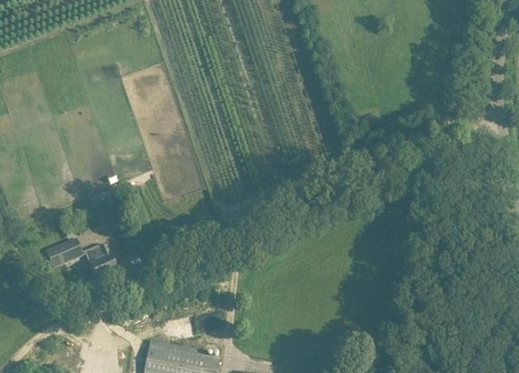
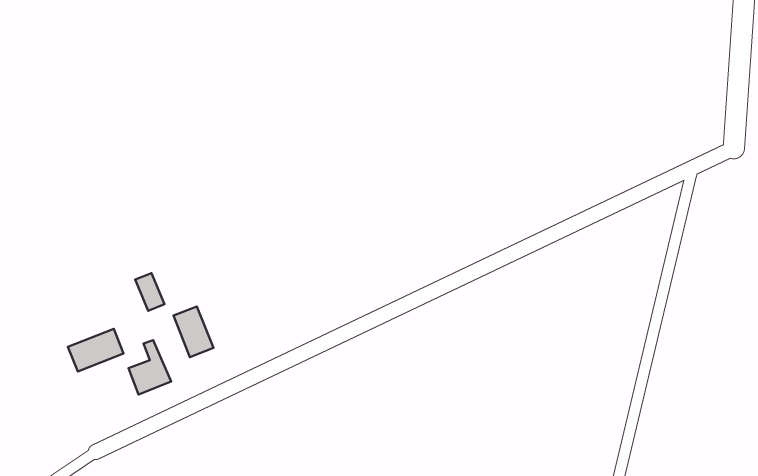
building: none -> [173,306,213,357]

